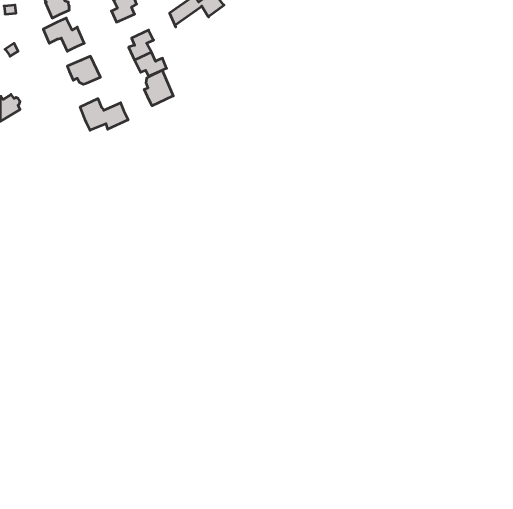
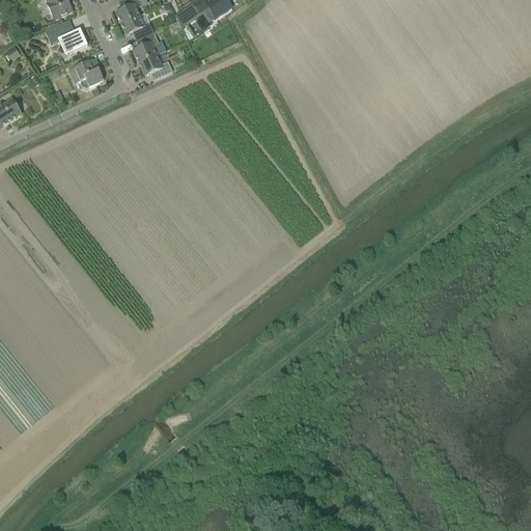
building: none -> [120,15,153,39]
building: [144,70,173,106] -> none
building: [80,99,128,130] -> none

